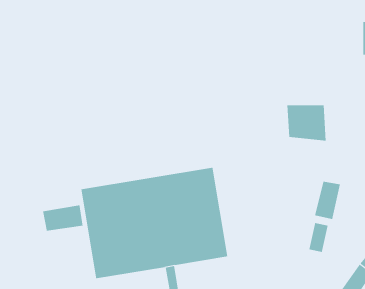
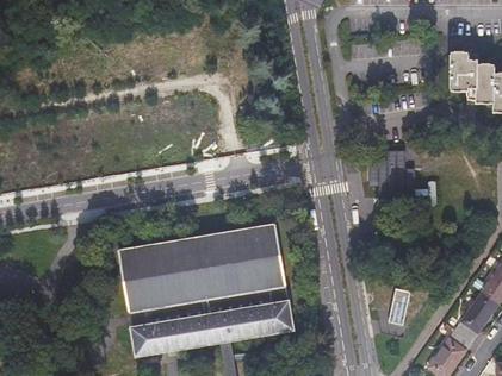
building: [314,181,340,220] -> none
building: [42,205,83,231] -> none

